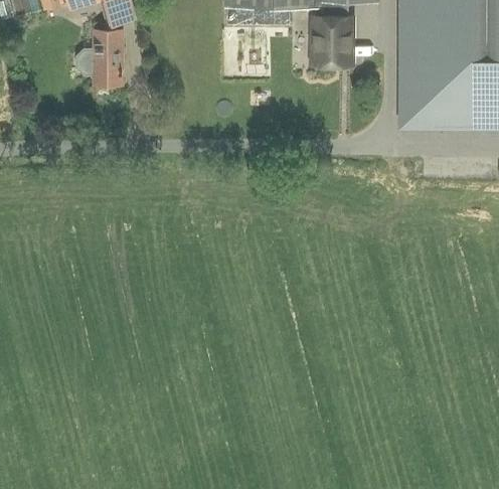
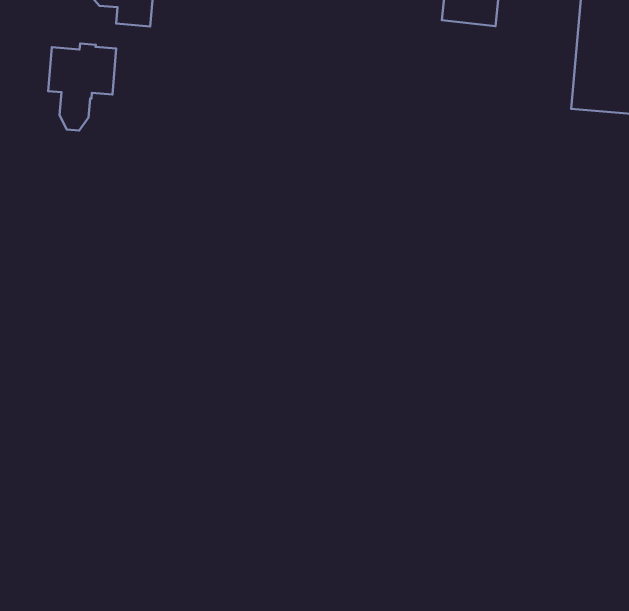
building: none -> [48,44,116,130]

